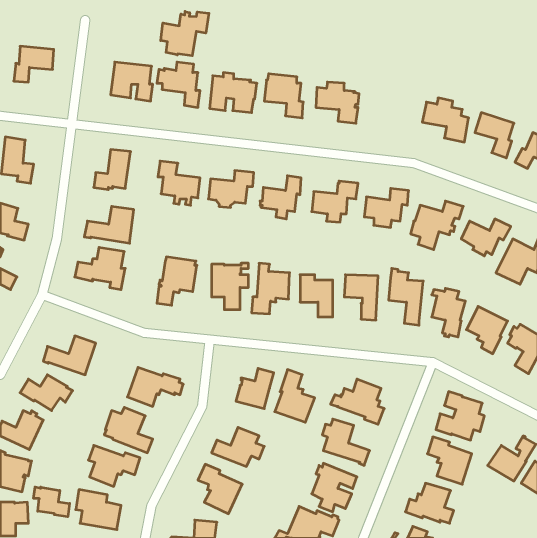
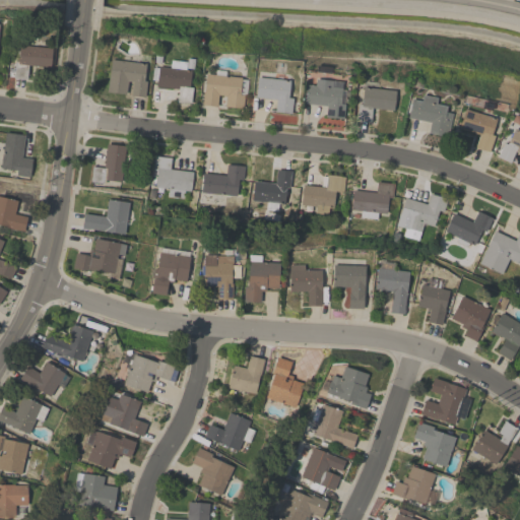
building: [161,11,209,56] -> none
building: none -> [356,87,396,122]
building: [34,487,70,517] -> none

